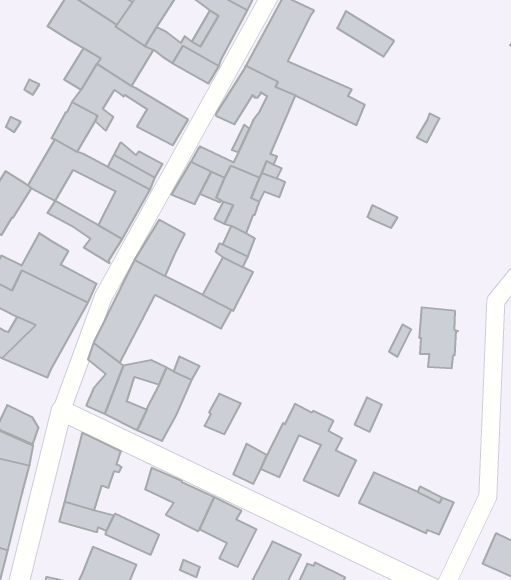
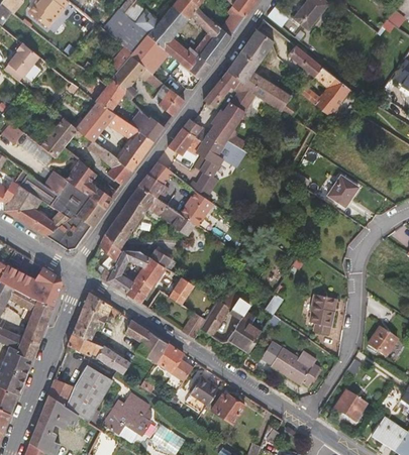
building: none -> [302,68,350,116]
building: none -> [327,175,359,207]
building: [419,308,458,368] -> [309,293,335,334]

